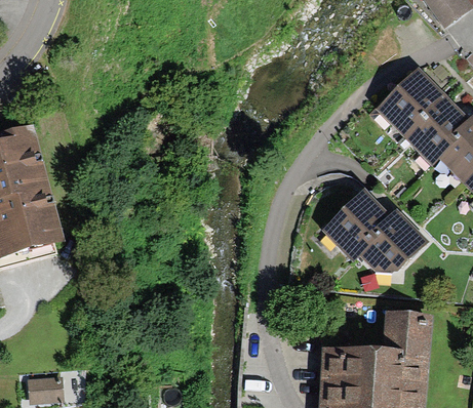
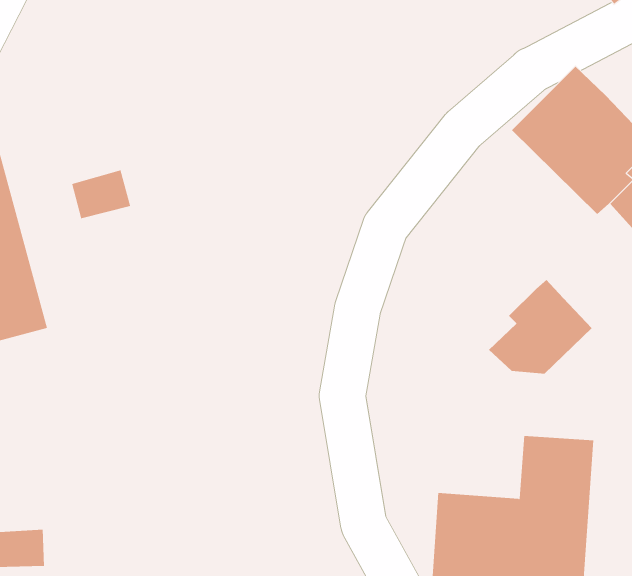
building: none -> [71,170,131,219]
building: [320,189,391,262] -> none

